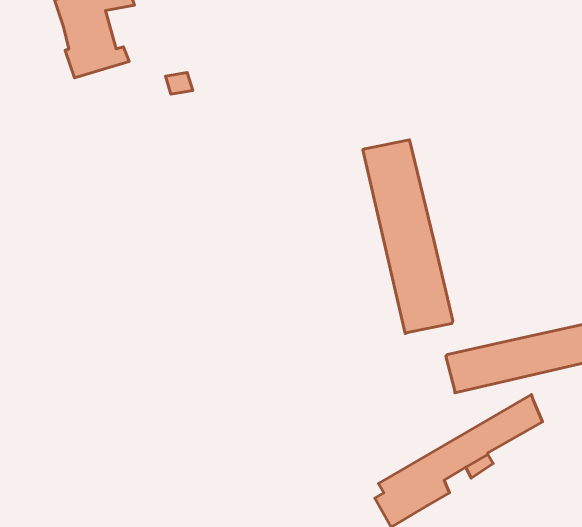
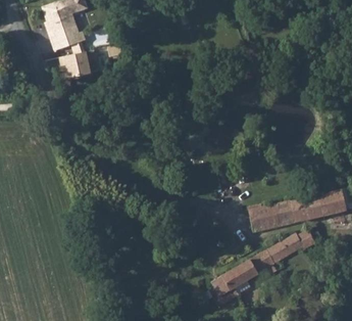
building: none -> [54,51,85,77]
building: [363,140,453,334] -> none

